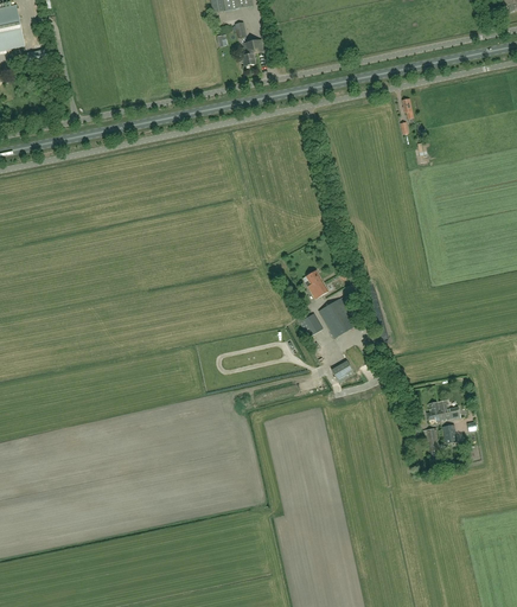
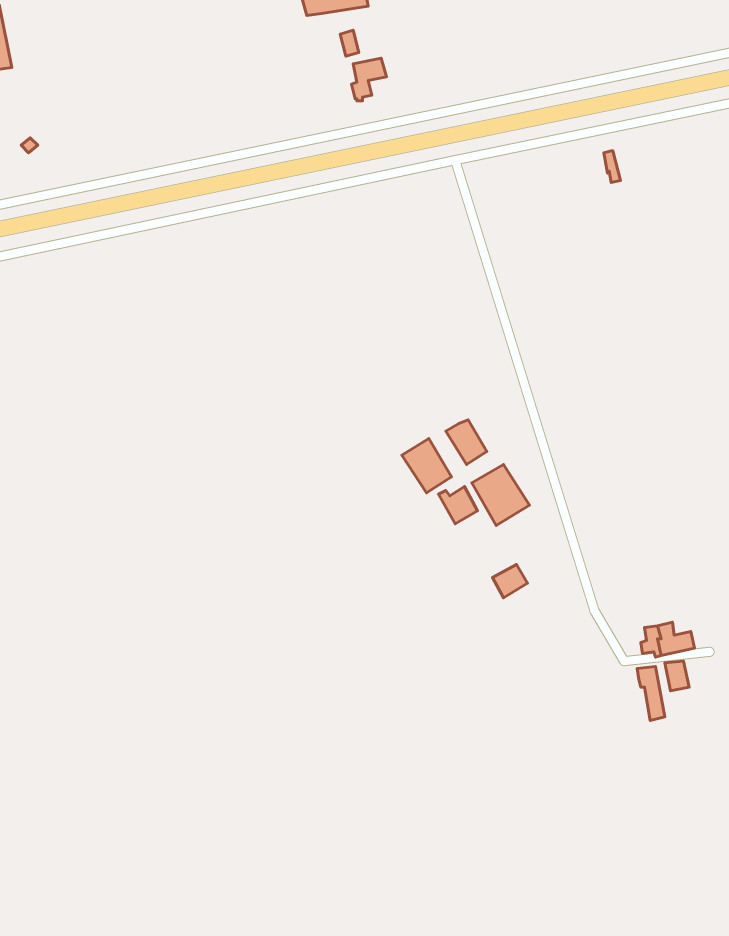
building: none -> [402,439,451,493]

